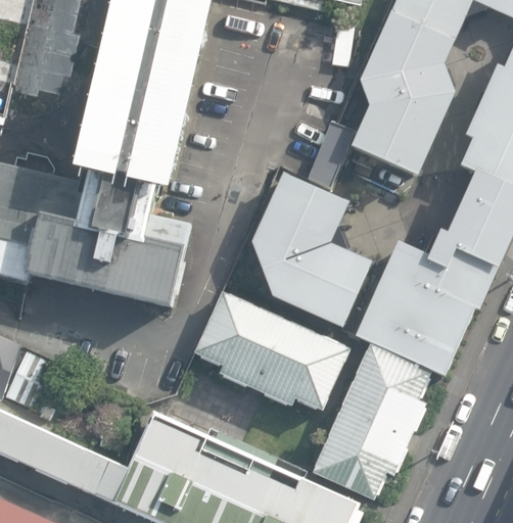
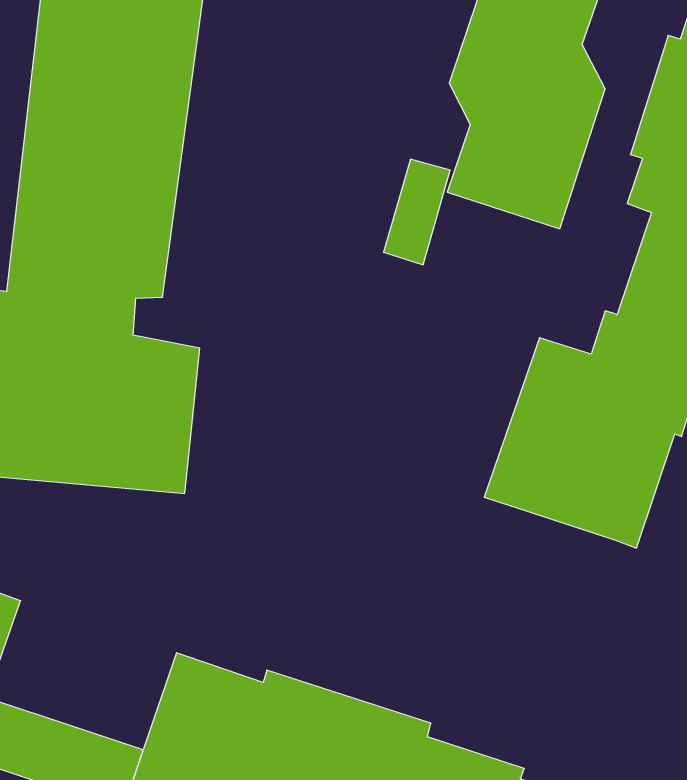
building: [251,172,372,328] -> none
building: [193,291,349,411] -> none
building: [311,342,431,500] -> none

